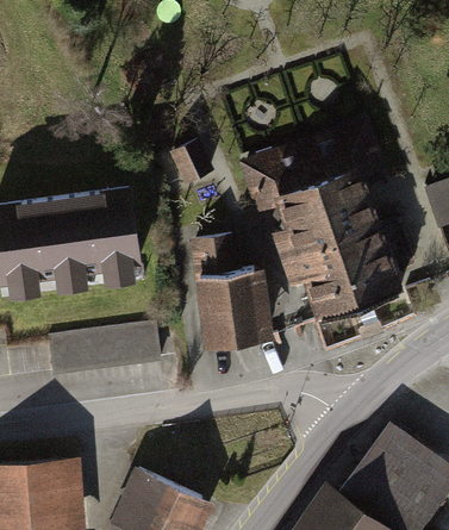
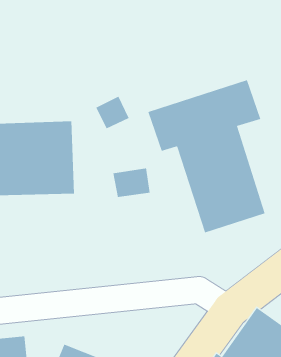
building: [188,273,270,350] -> none
building: [61,320,172,375] -> none

